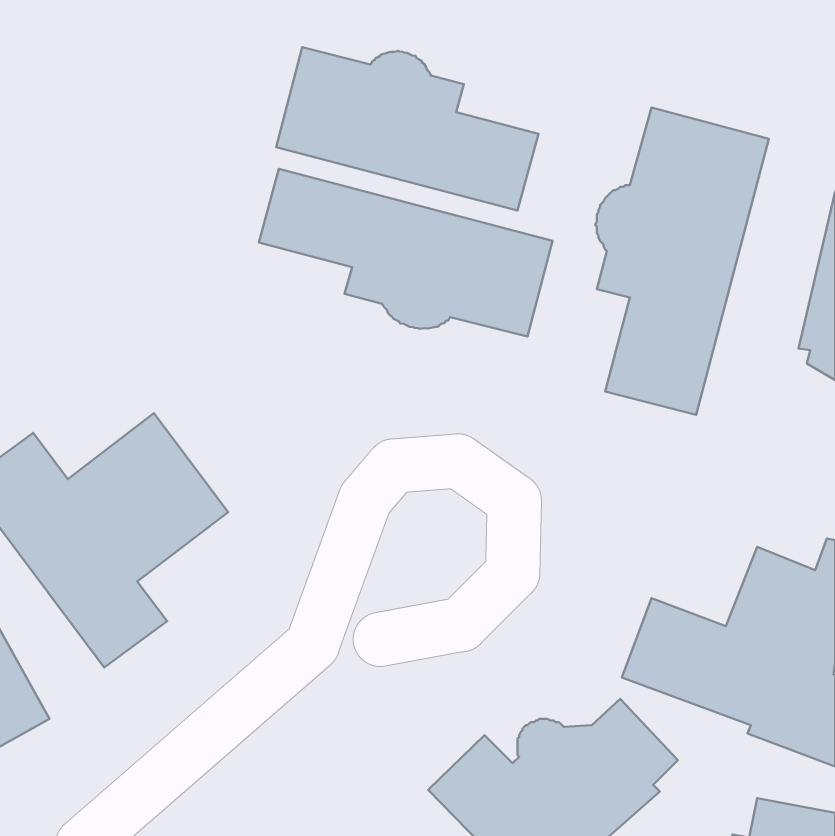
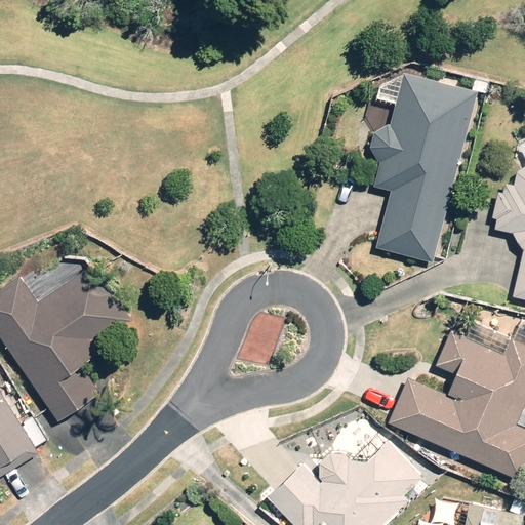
building: [276,47,538,211] -> none
building: [259,169,552,337] -> none

